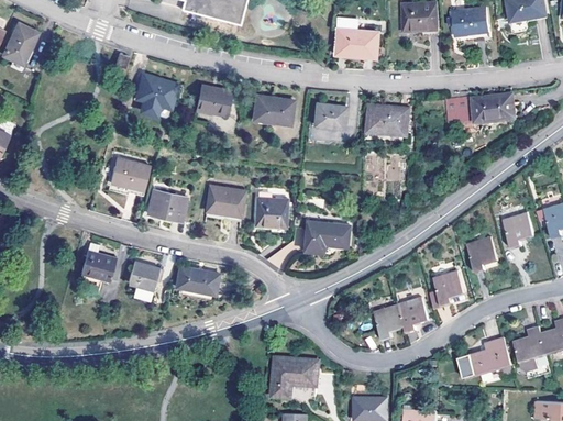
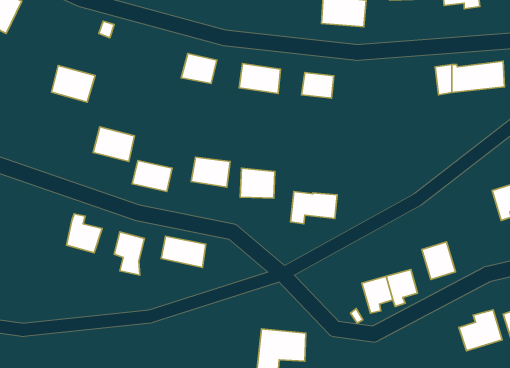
building: [134,73,177,109] -> [52,66,95,102]
building: [364,104,408,137] -> none
building: [465,237,497,274] -> none

